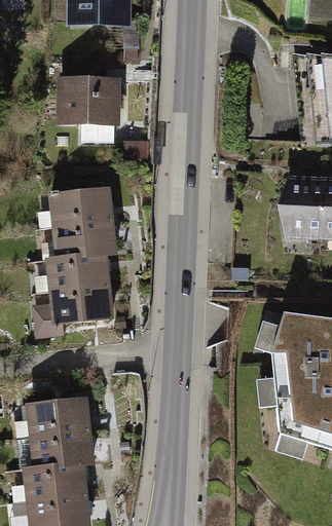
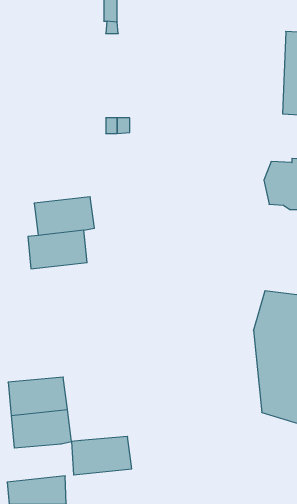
building: [63,62,115,142] -> none
building: [52,188,111,226] -> none
building: [36,285,111,333] -> none
building: [27,463,86,501] -> [72,436,132,475]

